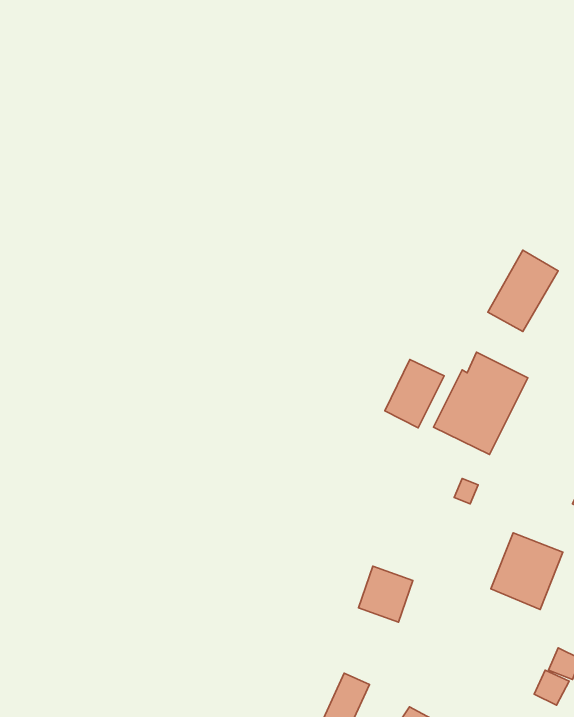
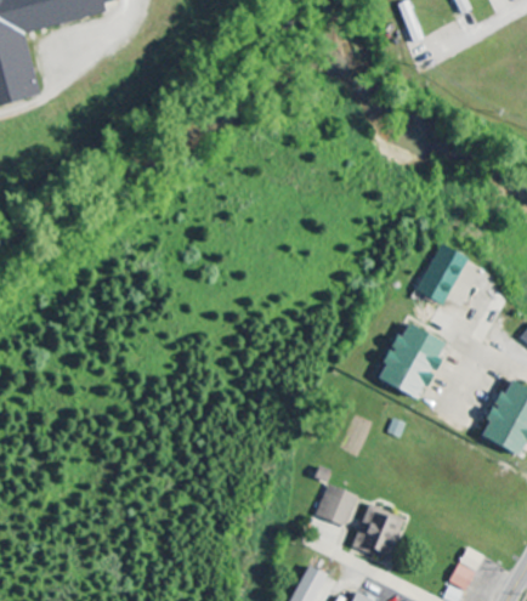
building: [385,359,444,428] -> none
building: [491,533,563,610] -> [352,504,407,562]

